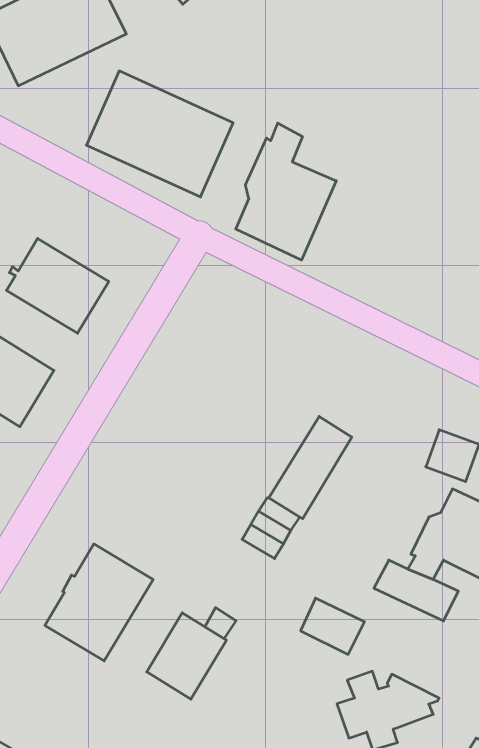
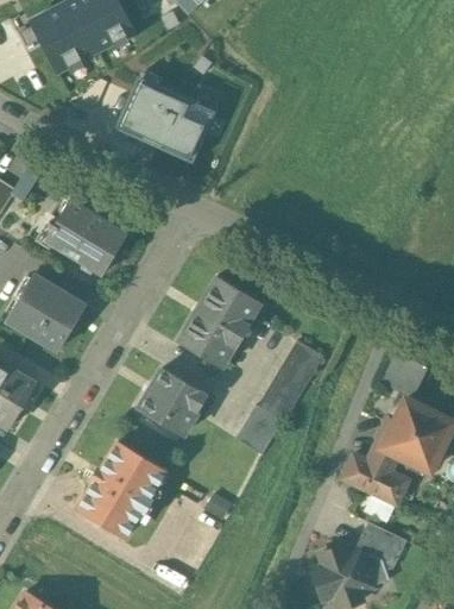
building: [236,123,336,260] -> none
building: none -> [177,277,259,369]
building: none -> [138,369,206,437]
building: [301,598,364,654] -> [355,522,406,567]
building: [147,613,226,699] -> none

